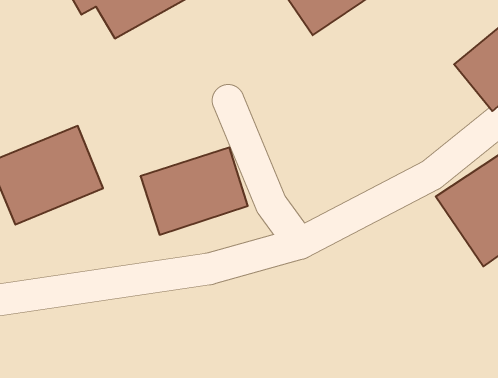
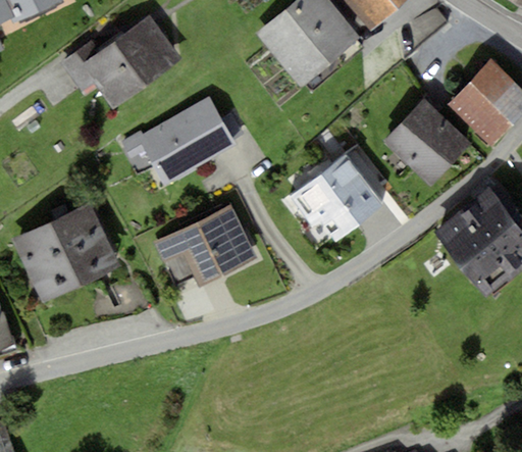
building: none -> [137,99,236,188]
building: none -> [383,97,473,187]
building: none -> [288,149,380,233]

